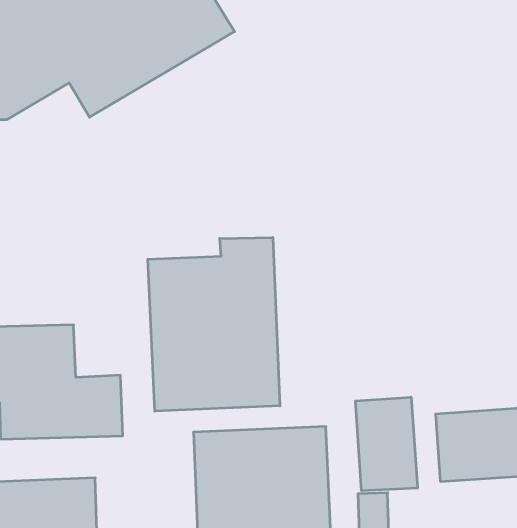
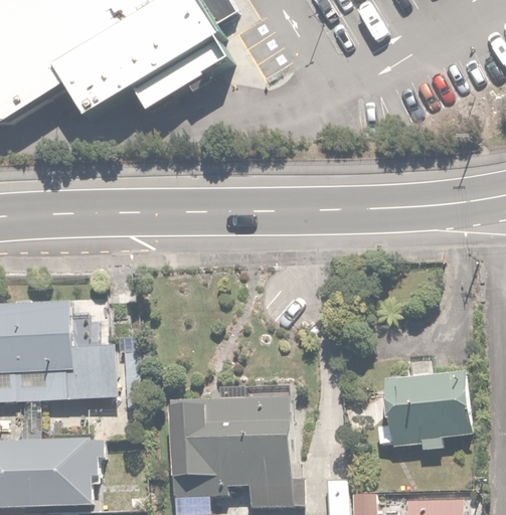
building: [148,237,280,411] -> none
building: [356,397,417,491] -> none

